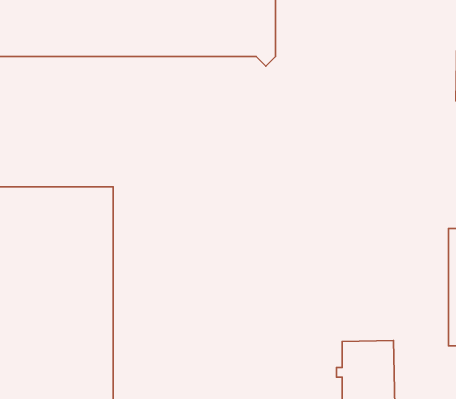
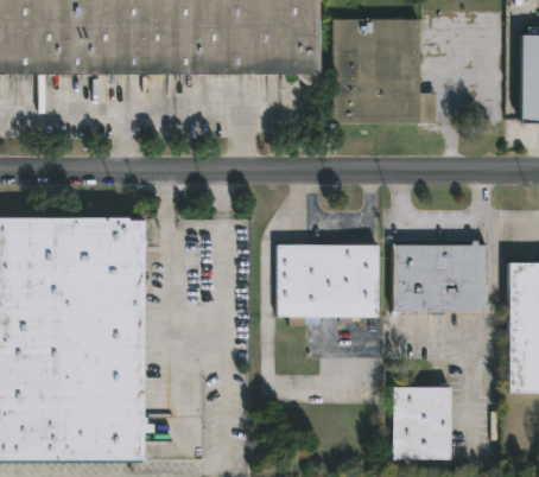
building: none -> [334,18,437,123]
building: none -> [395,240,489,313]
building: none -> [277,244,381,326]

